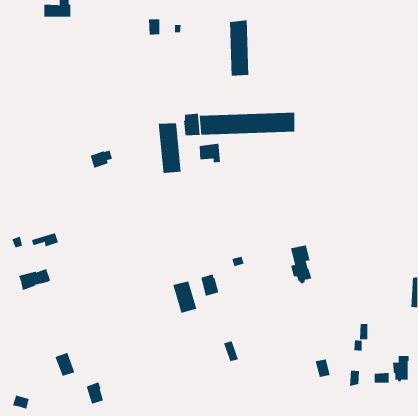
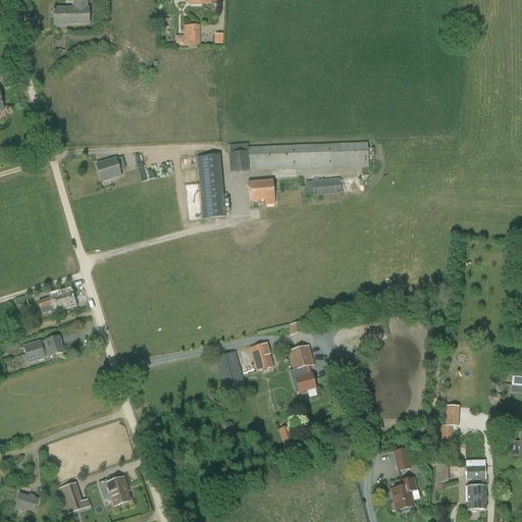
building: [229,20,249,76] -> none
building: none -> [312,176,342,195]
building: [90,150,113,169] -> [97,155,125,178]
building: [290,245,312,284] -> [289,344,316,393]
building: [55,352,75,377] -> [59,480,85,511]
building: [392,355,409,382] -> [465,476,486,510]
building: none -> [388,477,417,511]

